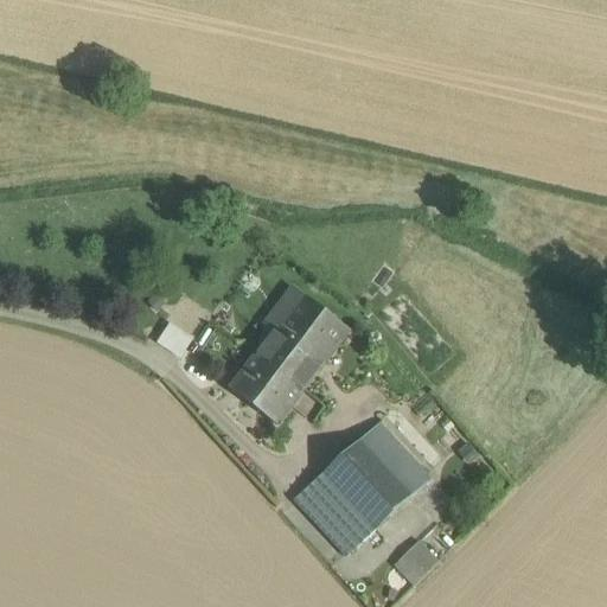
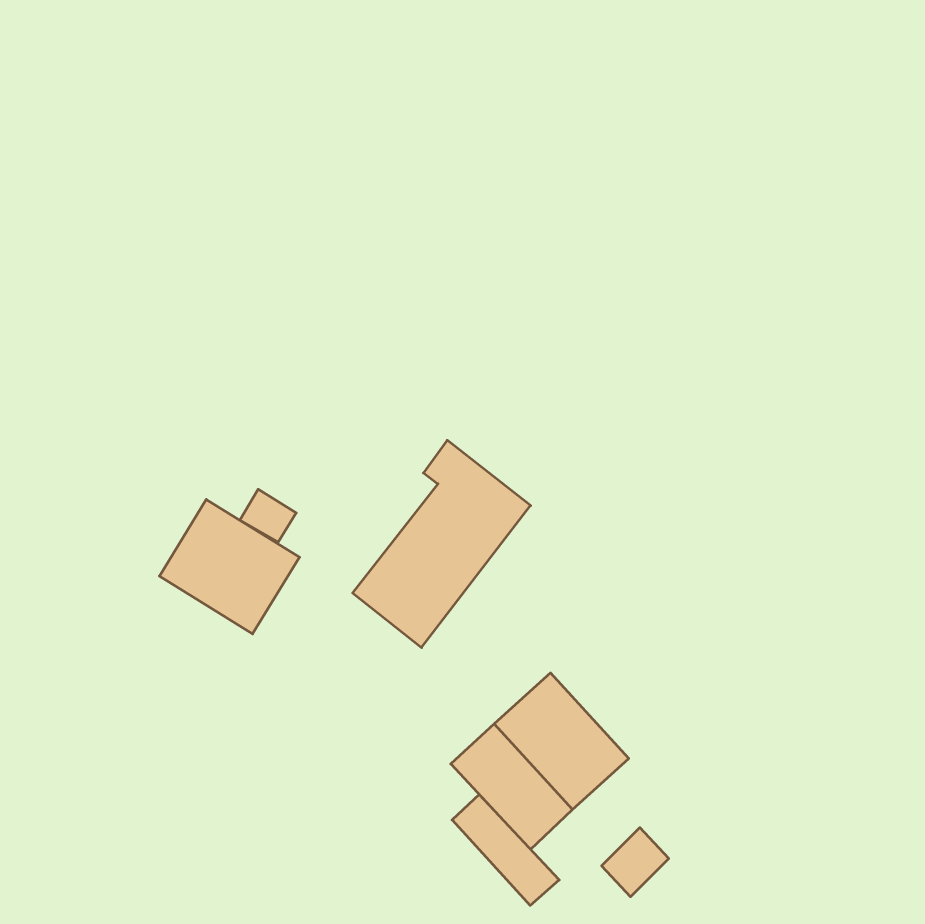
building: none -> [159,499,300,634]
building: [359,422,429,494] -> [452,794,559,905]

